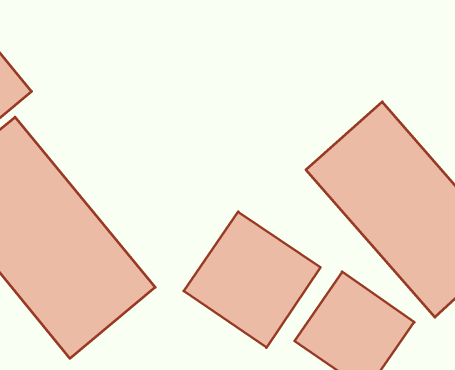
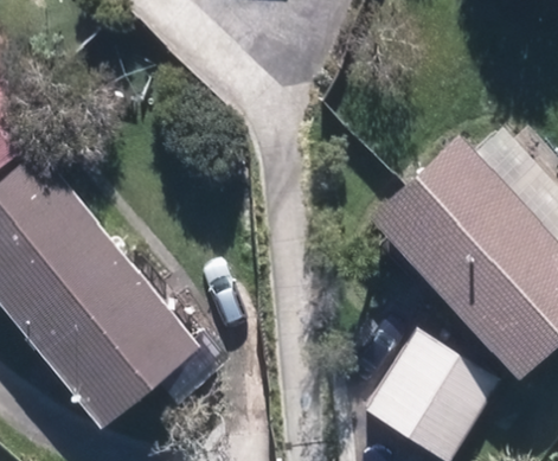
building: [184,212,320,348] -> none

